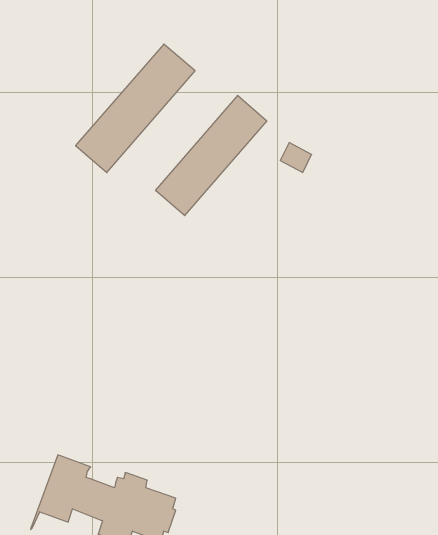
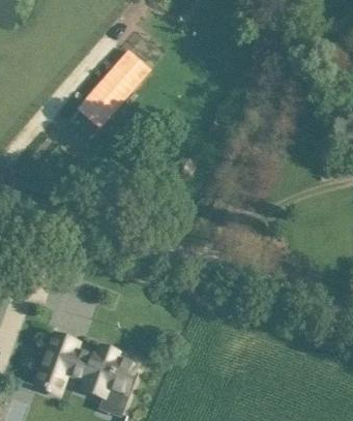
building: [156,95,267,216] -> none

